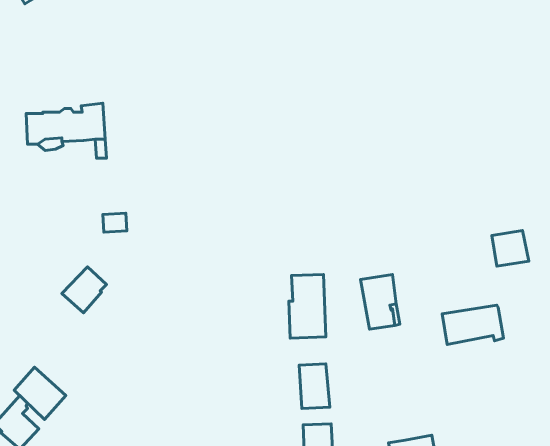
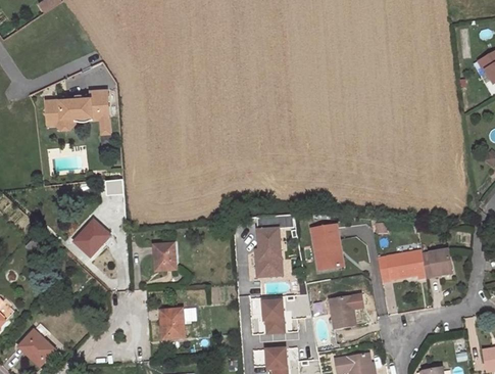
building: [492,230,529,266] -> [422,248,451,277]
building: none -> [153,243,176,271]
building: none -> [330,296,356,331]
building: [14,367,66,420] -> none
building: none -> [160,309,184,339]

